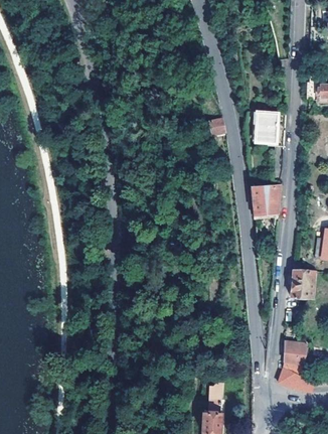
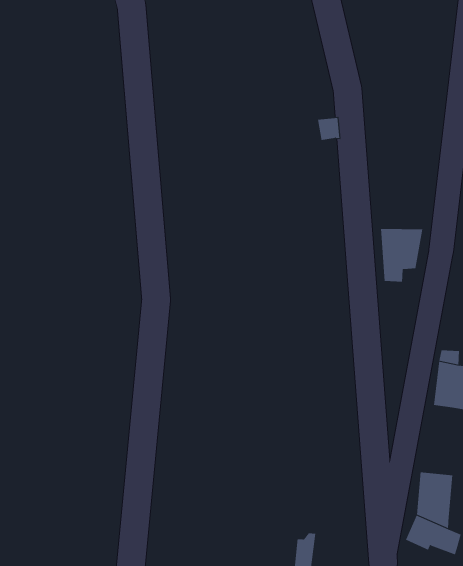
building: [257,112,286,146] -> none

